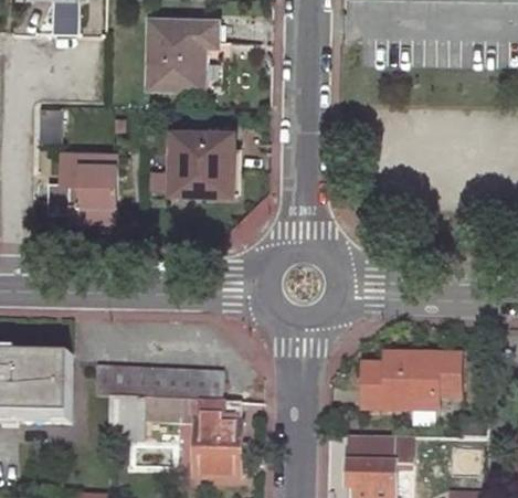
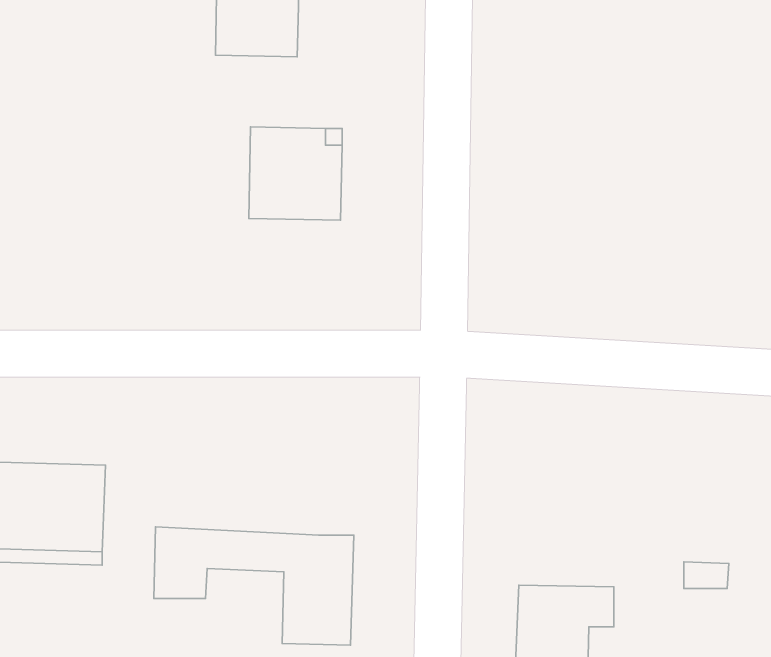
building: [47,150,117,220] -> none
building: [362,351,457,405] -> none
building: [89,365,215,400] -> none

